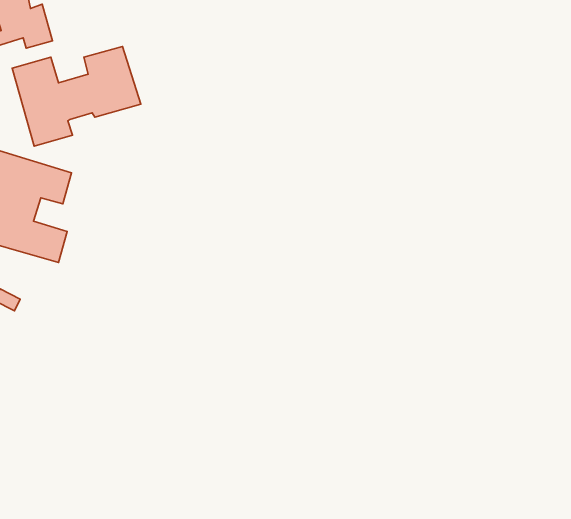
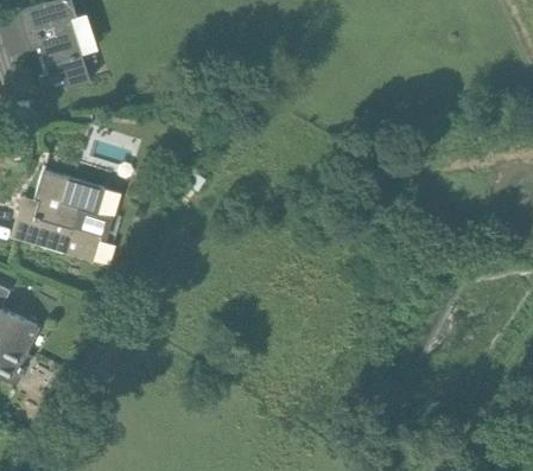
building: [12,47,141,146] -> none

